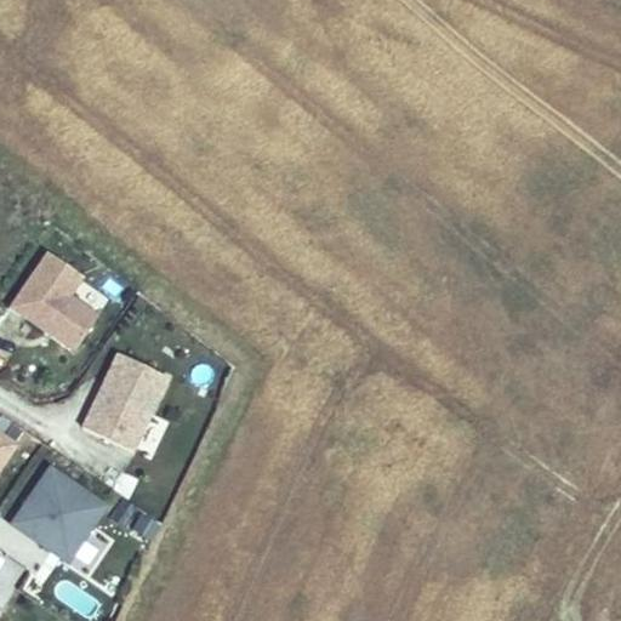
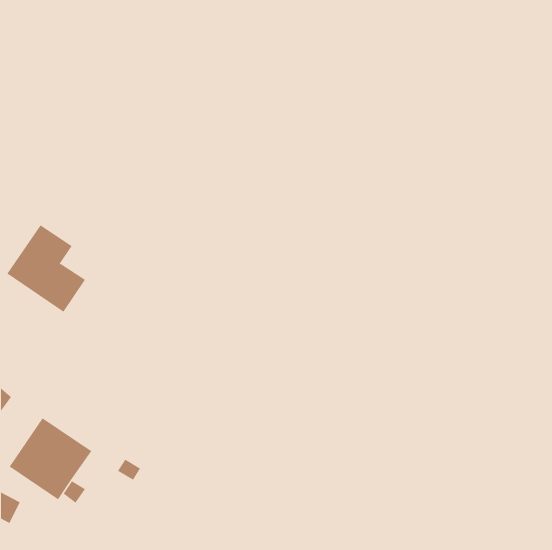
building: [82,352,166,450] -> none

